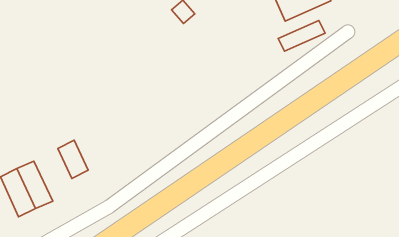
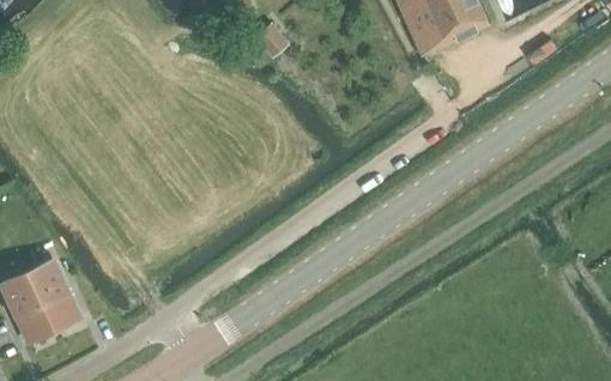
building: [278,20,325,51] -> none
building: [58,140,88,179] -> none

